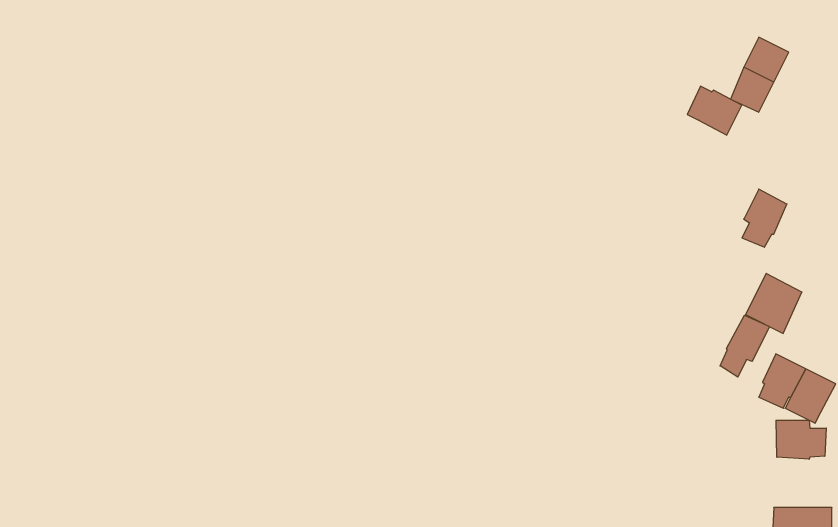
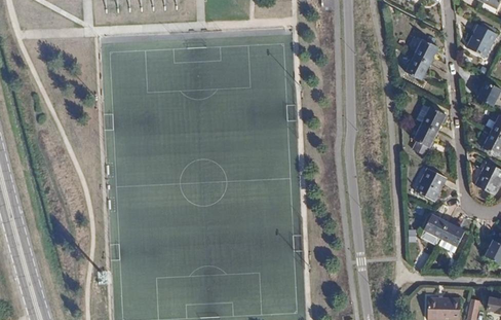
building: [687,86,742,135] -> [415,103,445,130]
building: [720,315,769,377] -> none
building: [776,420,826,459] -> none

